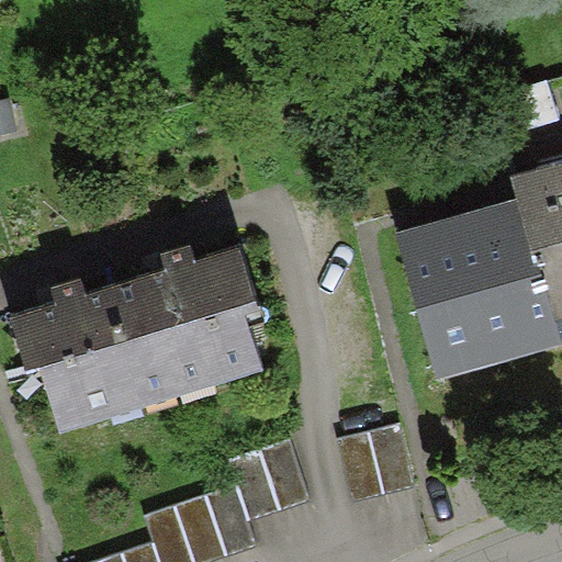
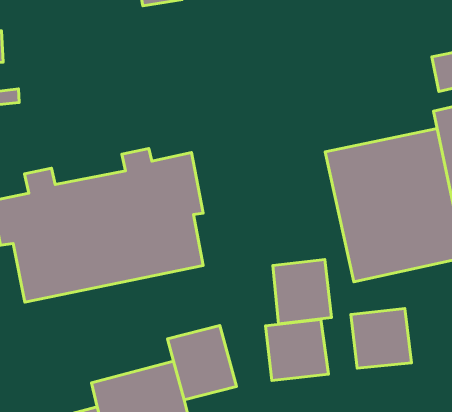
building: none -> [273,259,332,324]
building: none -> [351,308,411,368]

